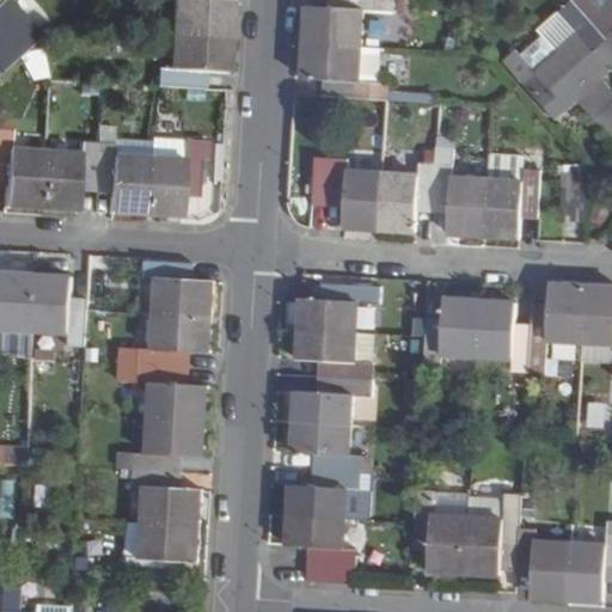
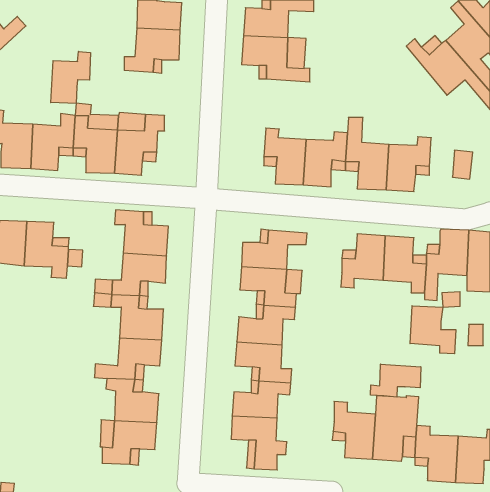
building: none -> [51,51,90,103]
building: none -> [410,306,456,354]
building: none -> [371,364,421,397]

